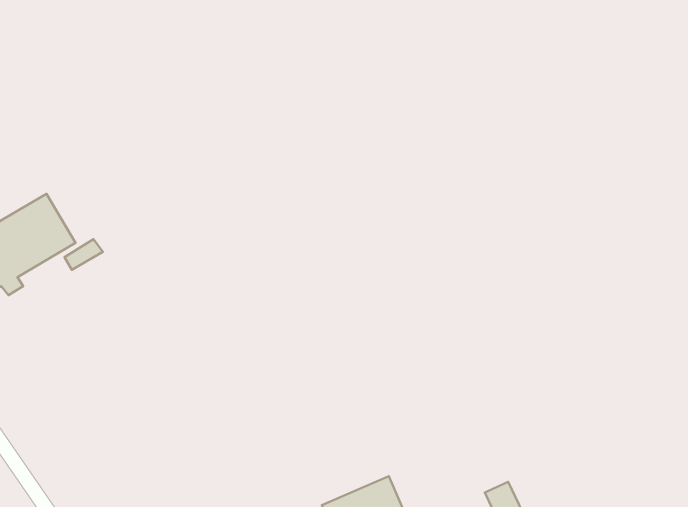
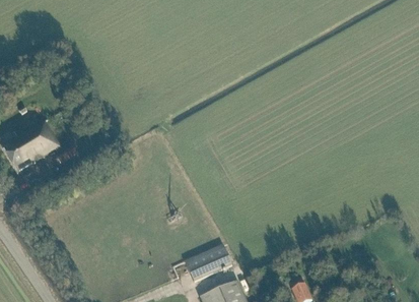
building: none -> [184,243,231,281]

